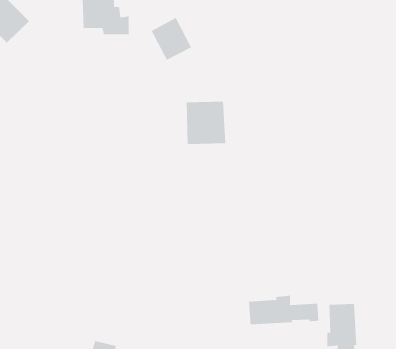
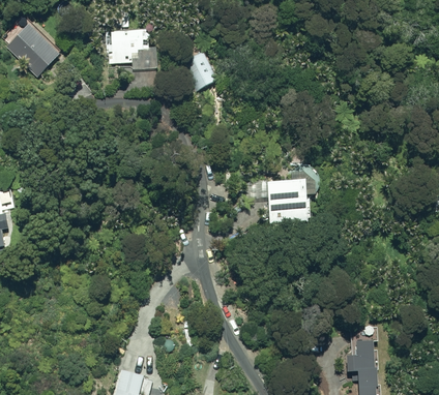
building: [186,101,226,145] -> [267,181,306,223]
building: [249,295,319,325] -> none

